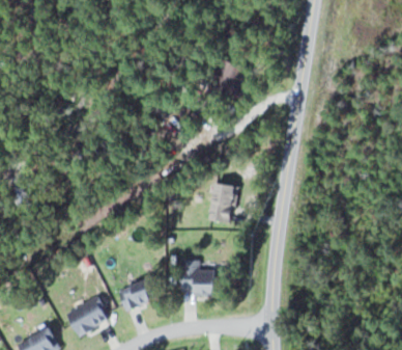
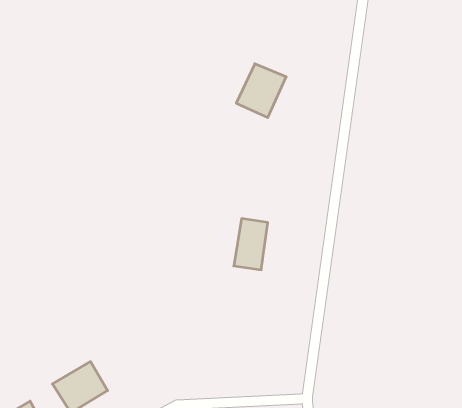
building: [182,259,216,294] -> none
building: [119,278,157,309] -> none

